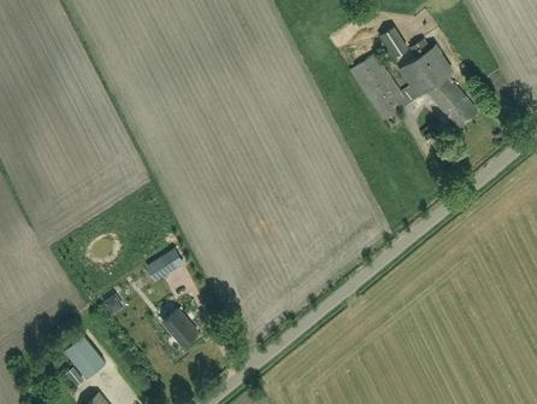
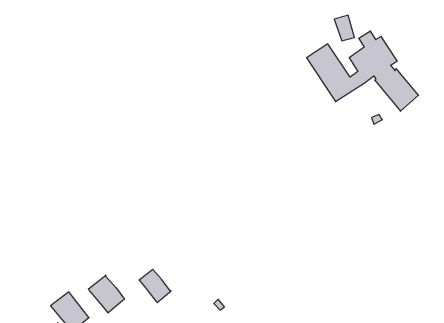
building: [147,248,183,280] -> none
building: none -> [88,275,124,313]

